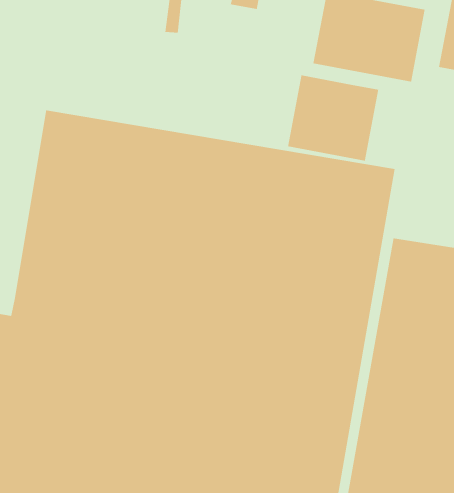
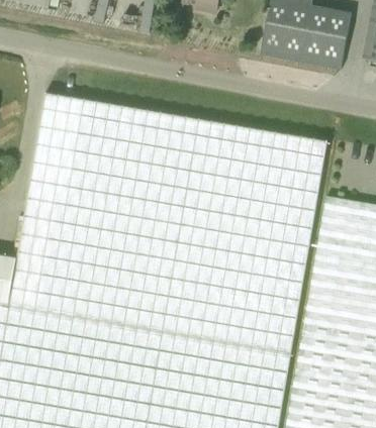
building: [287,75,379,161] -> none

